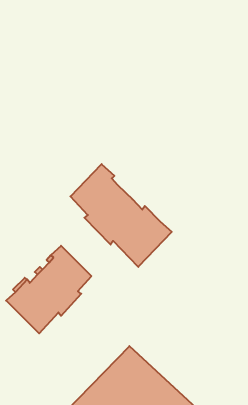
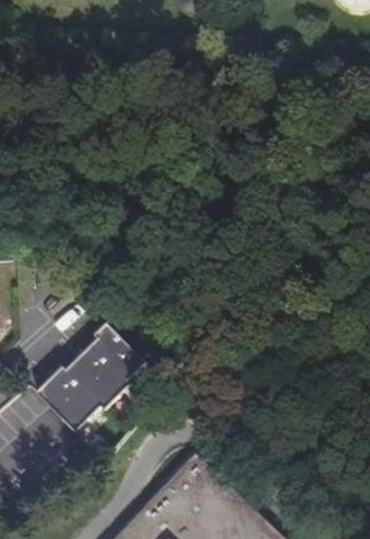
building: [70,164,172,267] -> none

